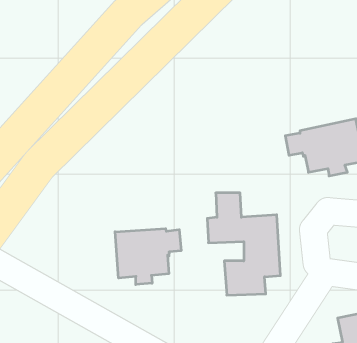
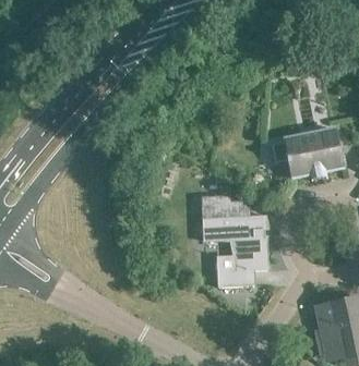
building: [115,229,181,285] -> none

